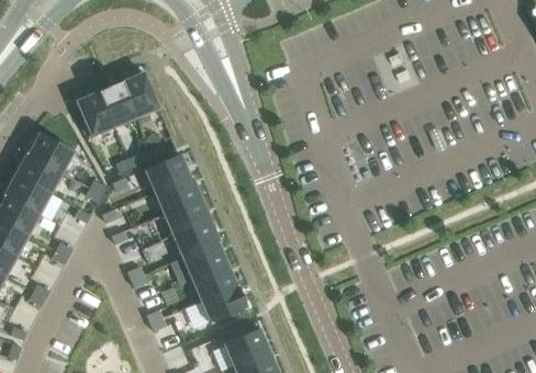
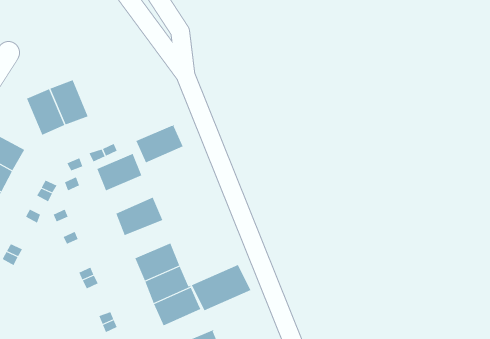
building: [122,71,159,117] -> none
building: [154,174,201,213] -> [136,124,183,163]
building: [172,219,221,257] -> none
building: none -> [191,264,251,311]

